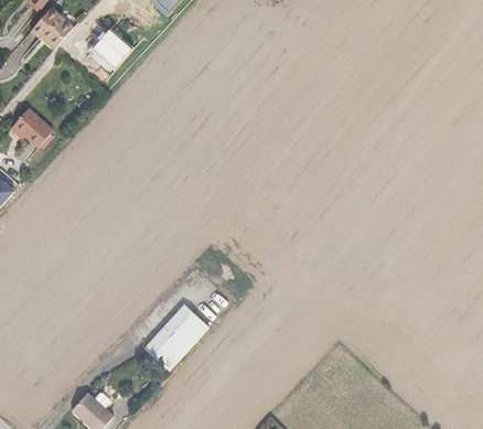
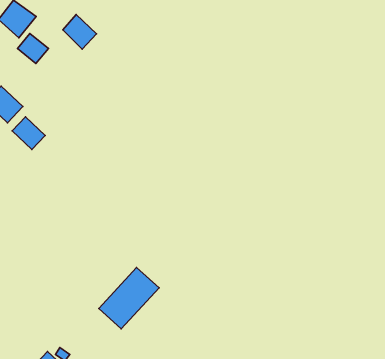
building: none -> [17,34,48,64]
building: none -> [12,117,45,149]

